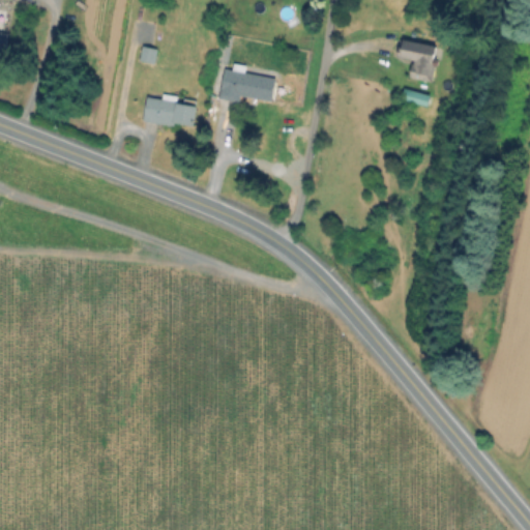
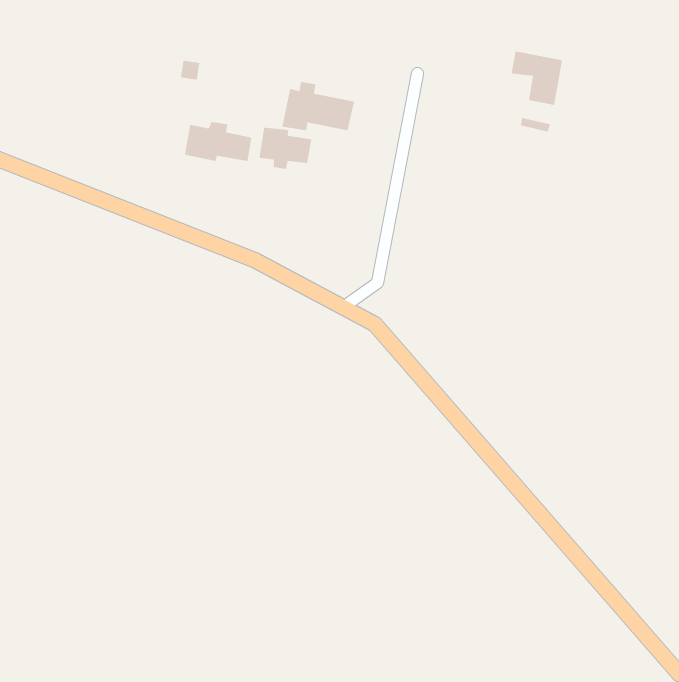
building: none -> [259,127,312,170]

